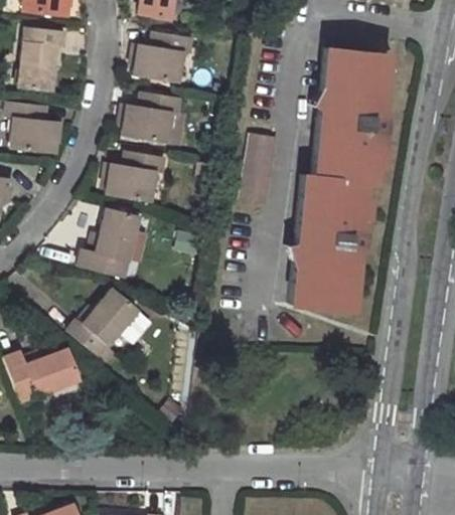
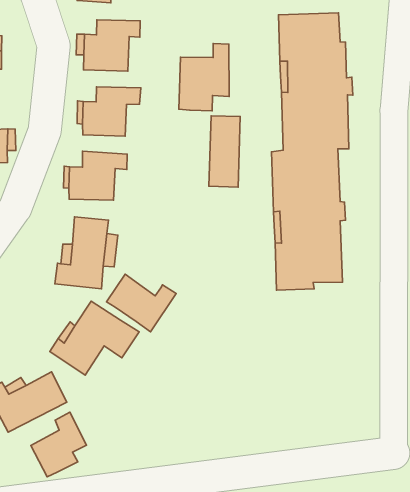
building: none -> [179,43,229,111]
building: none -> [107,274,176,332]
building: none -> [31,412,87,477]

